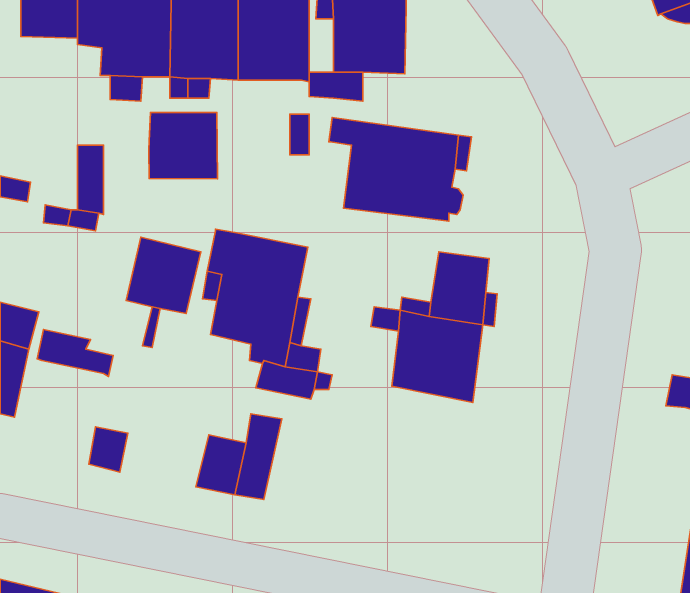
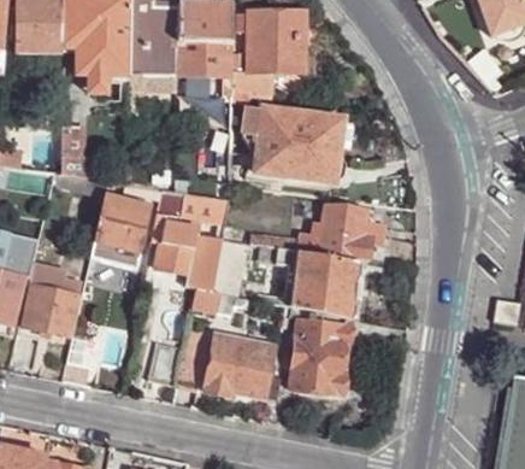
building: [149,113,217,179] -> none
building: none -> [23,286,77,336]
building: none -> [290,316,350,394]
building: none -> [205,335,273,395]

